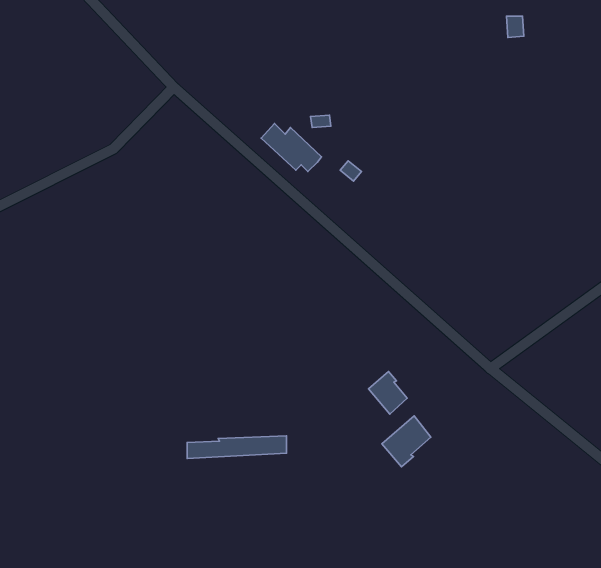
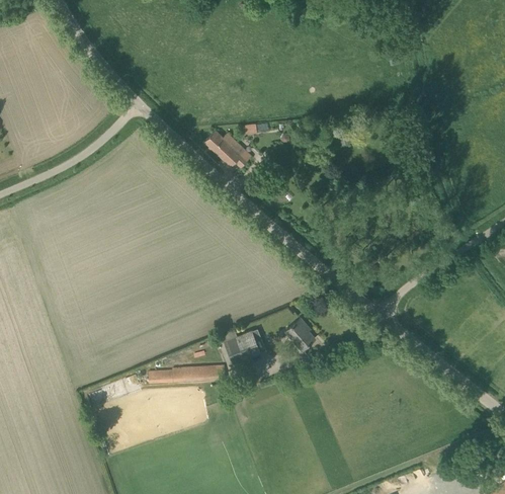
building: none -> [225,330,262,364]
building: [382,416,431,467] -> none

